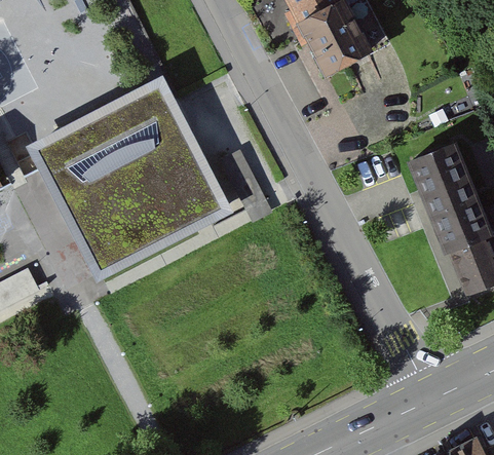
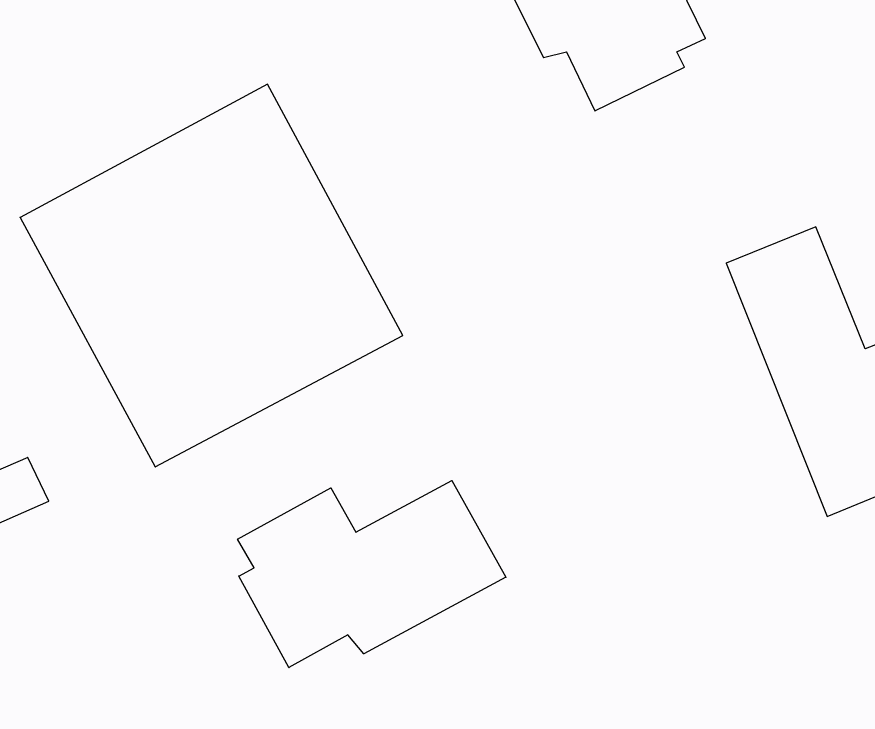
building: none -> [238,481,506,668]

